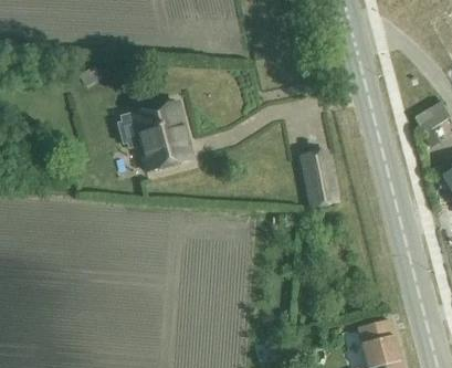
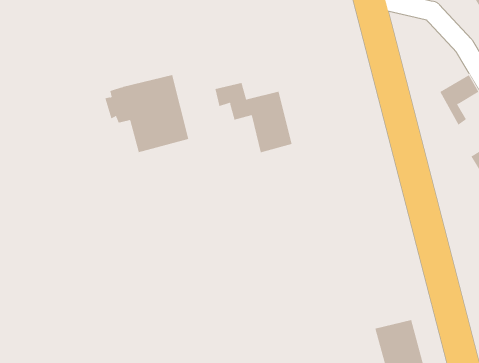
building: none -> [215,82,292,153]
building: [304,162,337,207] -> none

